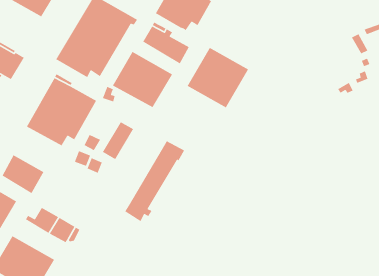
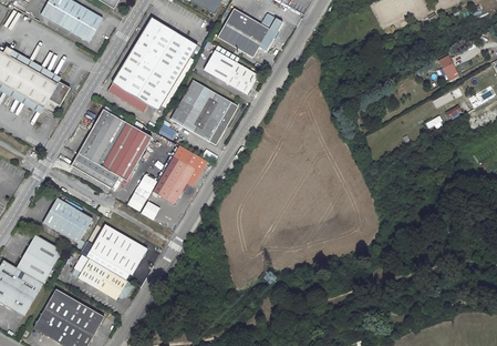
building: [187,47,249,108] -> none
building: [124,140,185,222] -> none
building: none -> [91,223,148,273]

